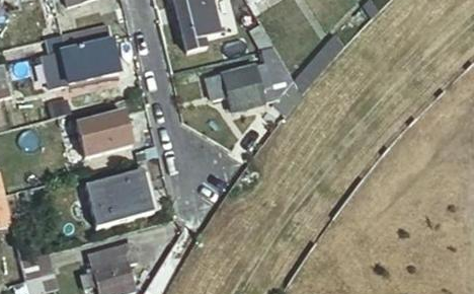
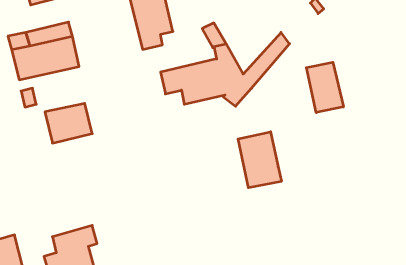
building: none -> [306,62,343,113]
building: none -> [238,132,281,188]
building: [85,170,153,227] -> none

